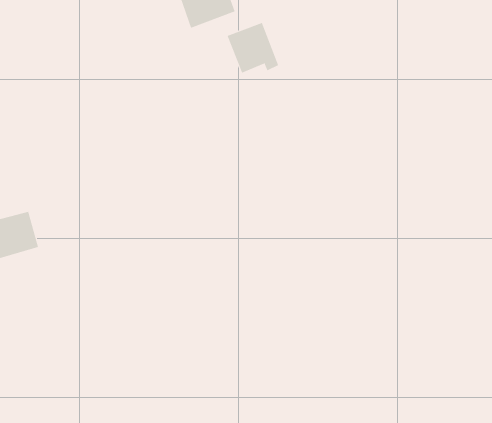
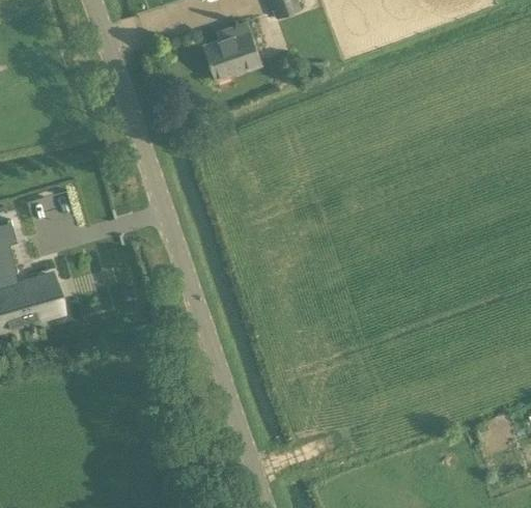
building: [227,22,279,74] -> none

